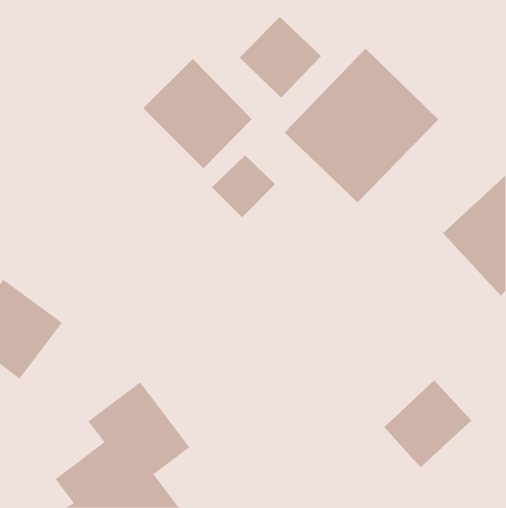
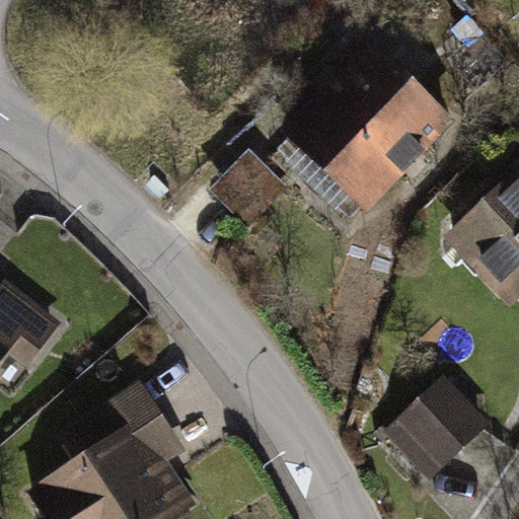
building: [239,16,322,99] -> none
building: [143,58,253,169] -> none

